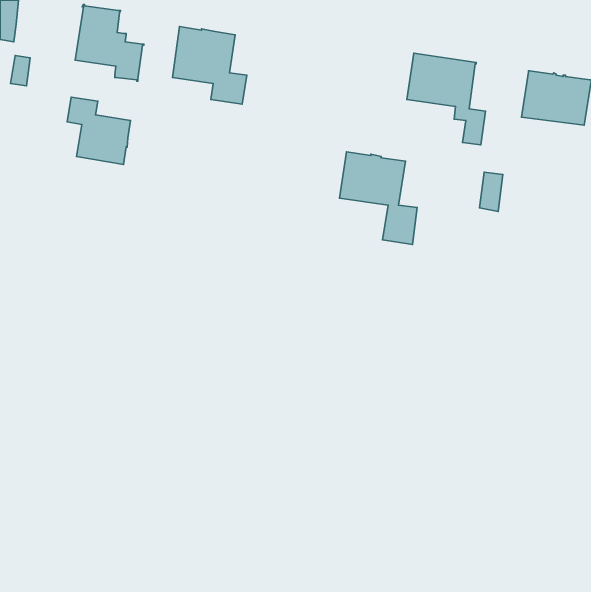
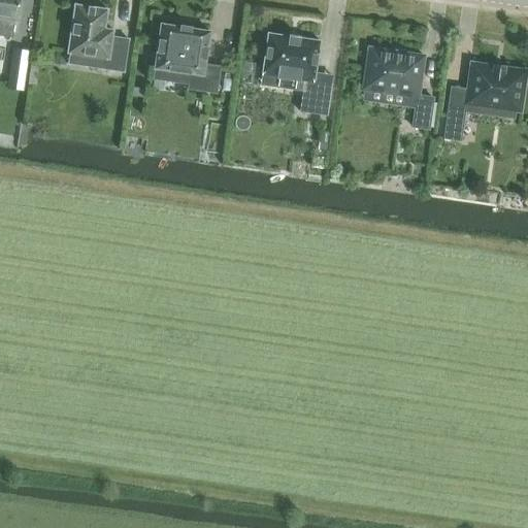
building: [67,97,131,164] -> none
building: [340,152,417,245] -> [262,33,331,116]
building: [480,172,503,211] -> [444,106,465,141]

